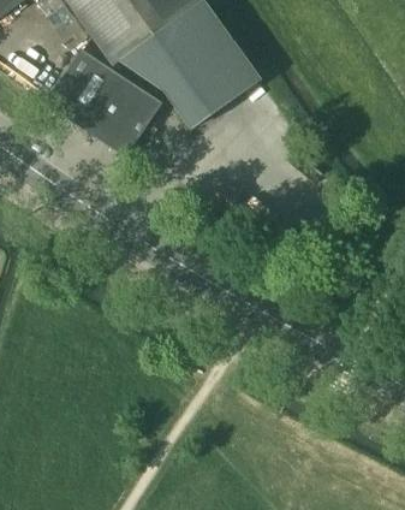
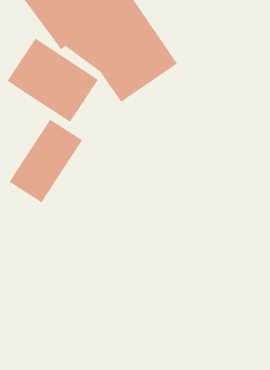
building: none -> [9,119,83,203]

